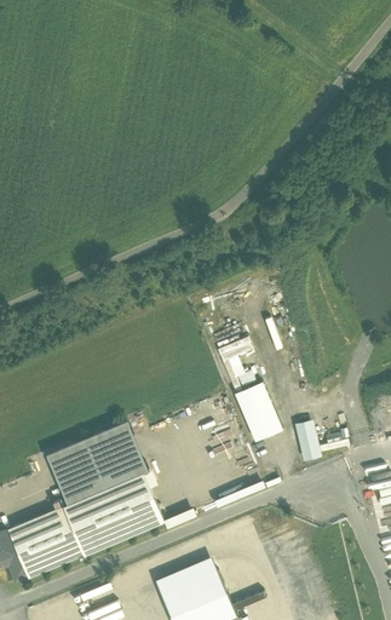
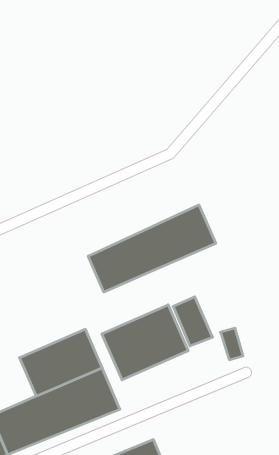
building: none -> [88,205,216,292]
building: none -> [102,305,188,380]

